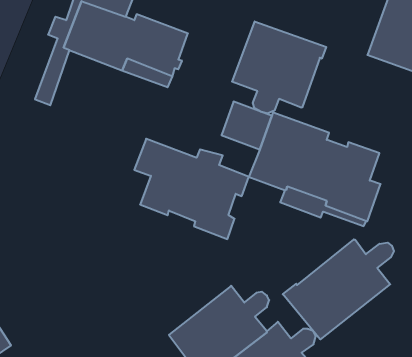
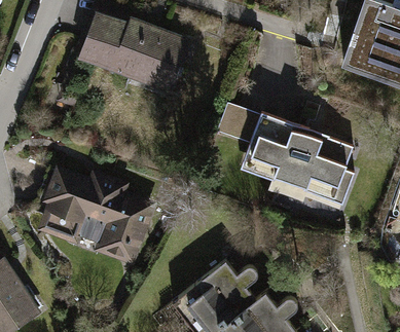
building: [232,21,326,114] -> none
building: [134,139,249,239] -> [49,172,148,258]
building: [283,239,394,339] -> none

